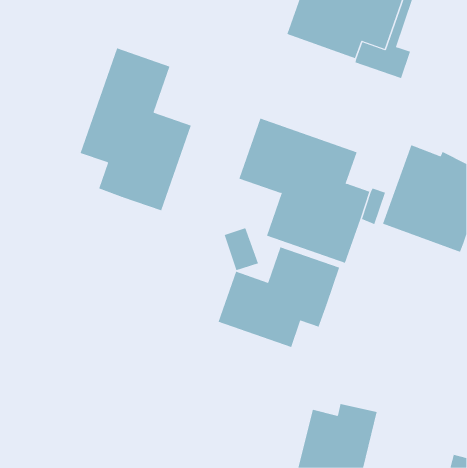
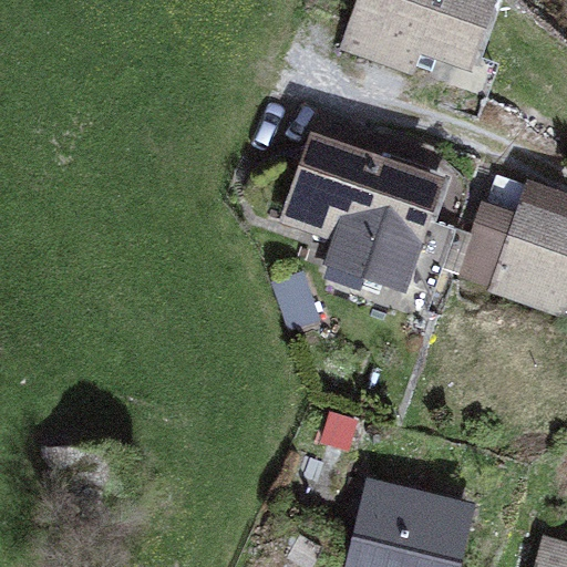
building: [80,48,192,211] -> none
building: [218,246,340,348] -> none

